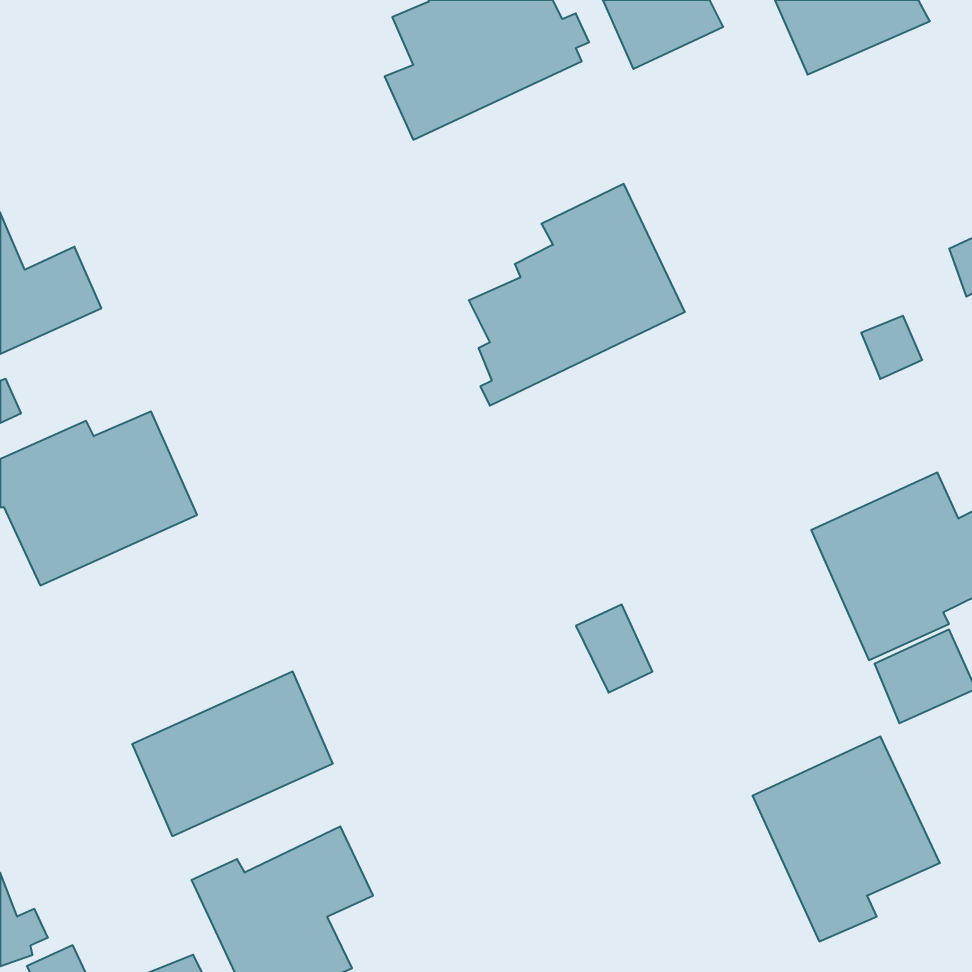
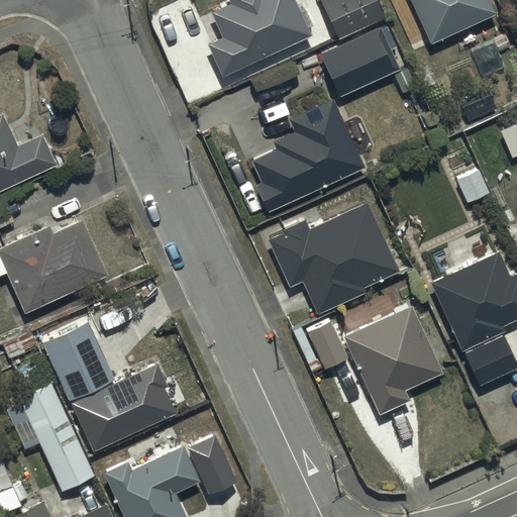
building: none -> [321,27,399,97]
building: none -> [269,205,399,315]
building: none -> [39,314,112,395]
building: none -> [7,365,95,491]
building: [752,737,940,941] -> [343,306,442,414]
building: none -> [188,428,236,488]

